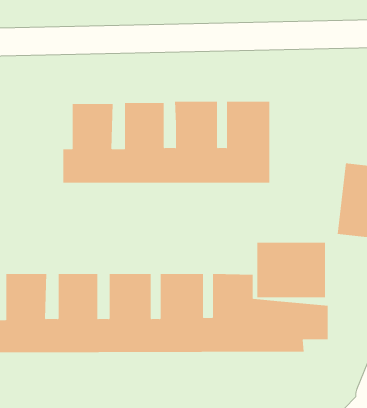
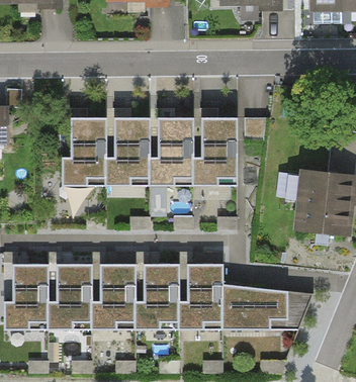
building: [257,242,325,298] -> none

